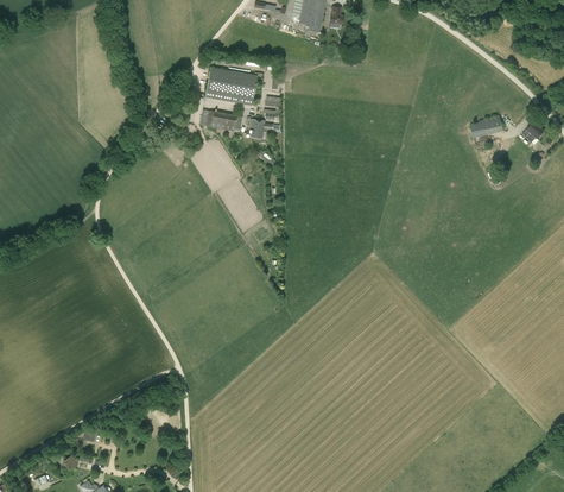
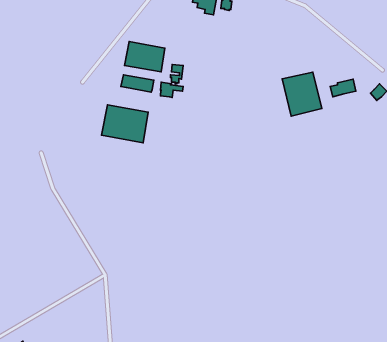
building: none -> [282,72,322,116]
building: none -> [101,105,148,143]

